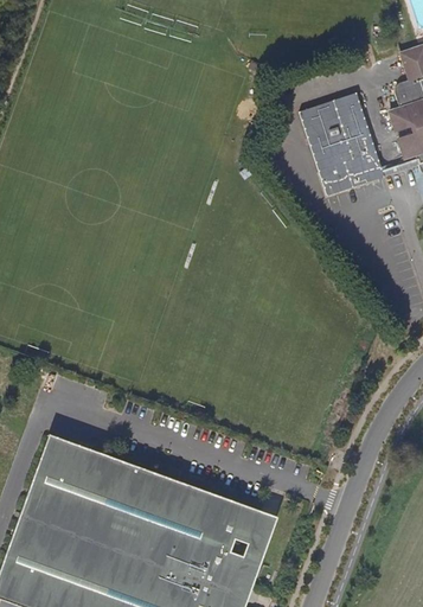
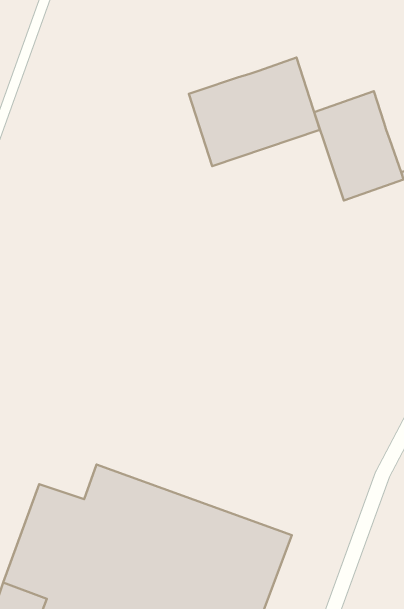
building: none -> [189,57,320,166]
building: [38,434,92,483] -> none

